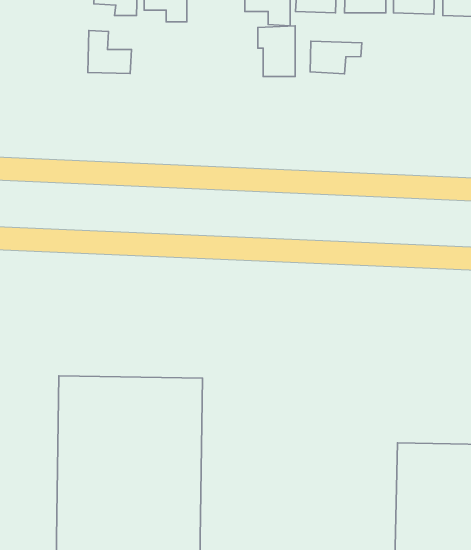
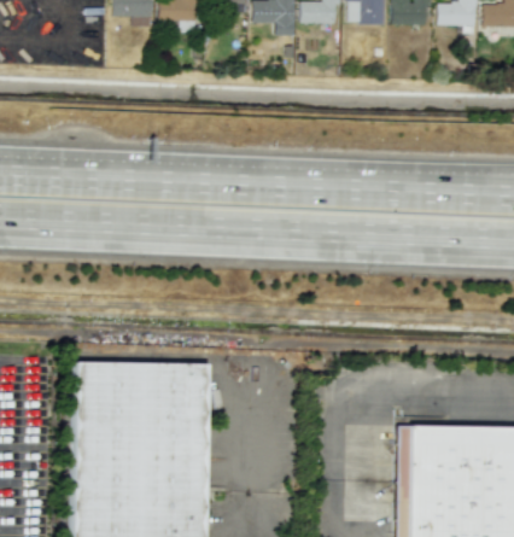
building: [258,26,295,76] -> none
building: [88,30,131,73] -> none
building: [310,41,362,74] -> none

